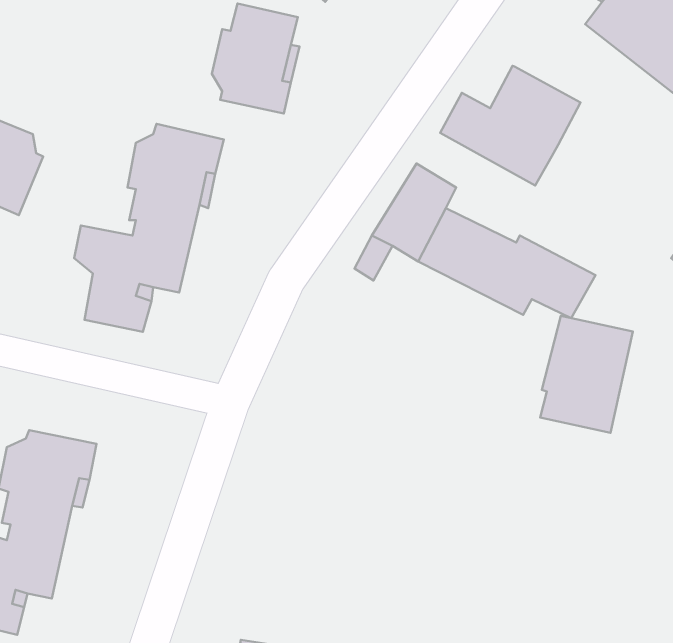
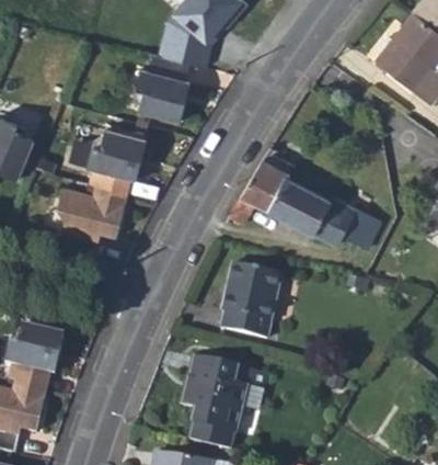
building: [440,66,581,185] -> none
building: [540,316,633,433] -> [221,263,280,338]
building: none -> [181,355,249,447]

